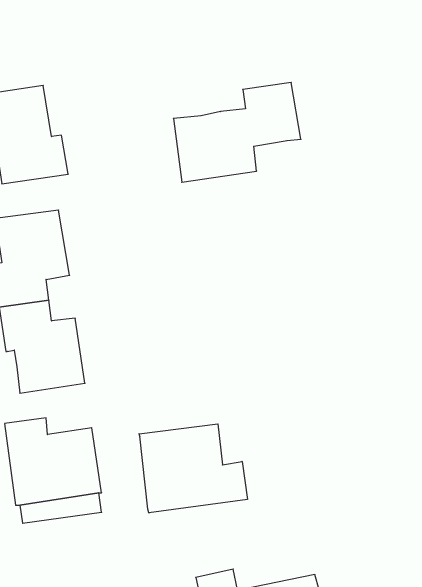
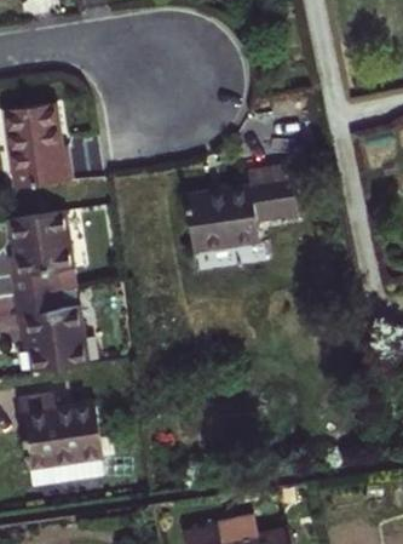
building: [173,82,301,182] -> [186,165,298,252]
building: [139,424,247,513] -> none

